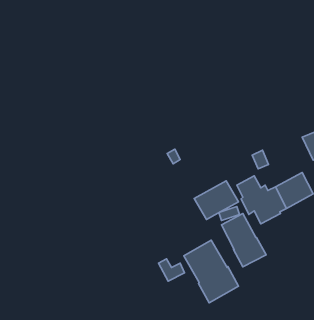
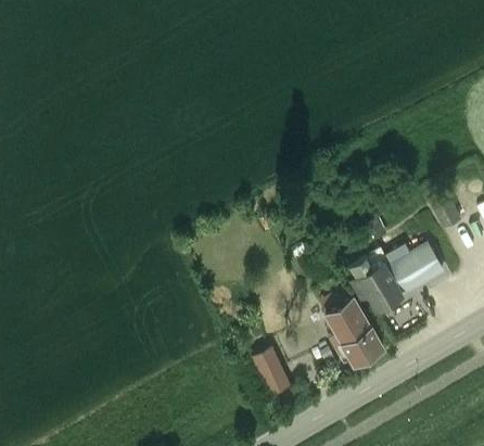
building: [194,181,238,219] -> none
building: [184,240,238,303] -> none

